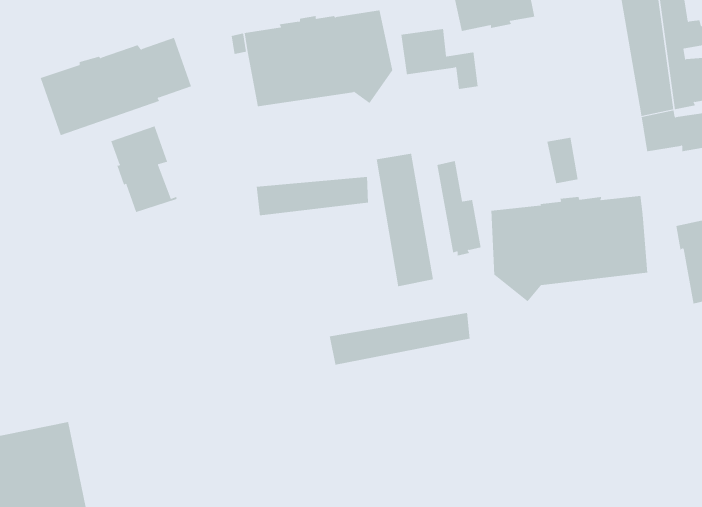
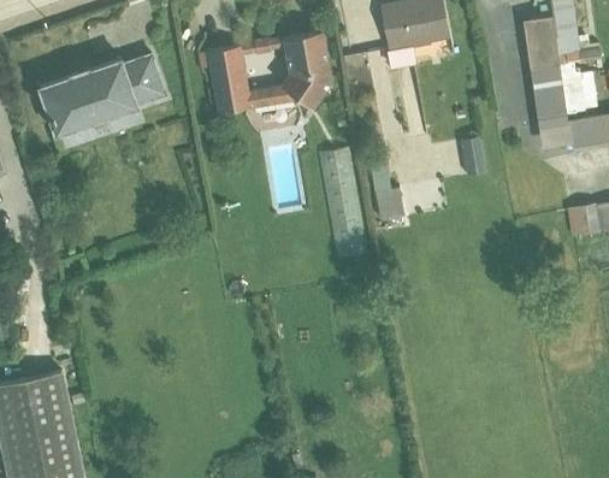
building: [110,126,177,213] -> none
building: [256,176,369,216] -> none
building: [491,195,648,302] -> none
building: [329,312,470,365] -> none

